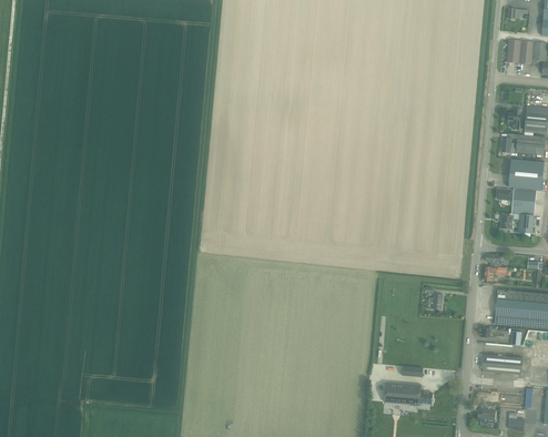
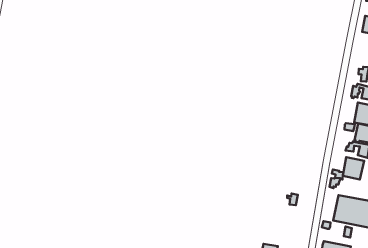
building: none -> [343,157,364,179]

